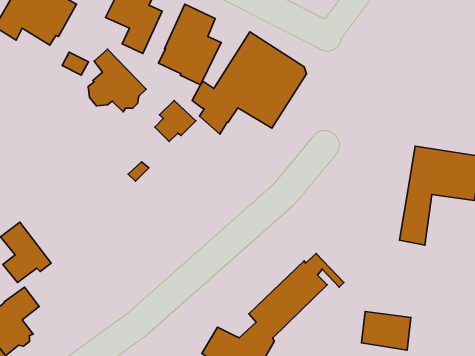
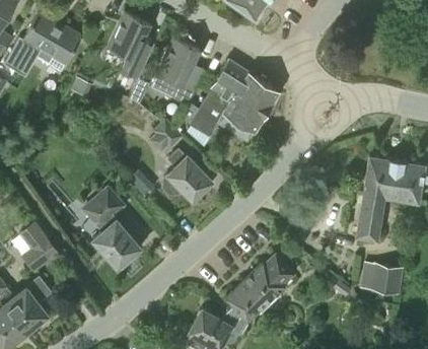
building: [88,49,146,112] -> [162,148,211,201]
building: none -> [81,186,140,269]
building: [362,312,411,350] -> [361,263,403,295]

